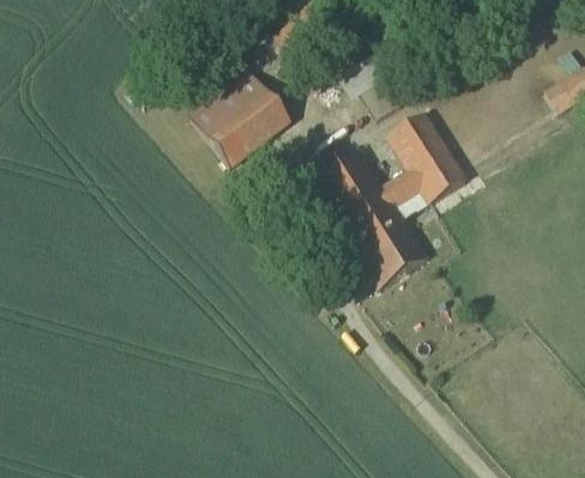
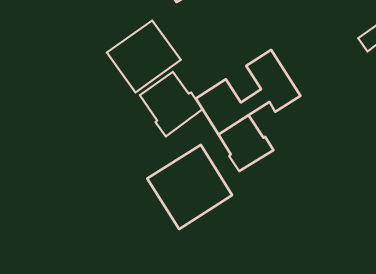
building: none -> [140,72,203,136]
building: none -> [147,145,232,229]

